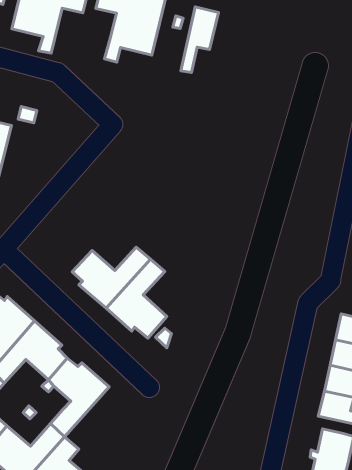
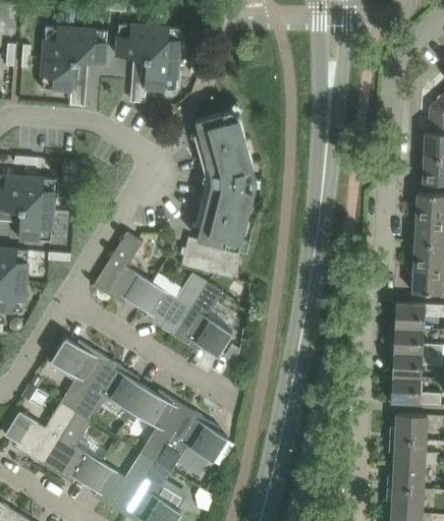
building: [181,7,218,72] -> none
building: none -> [181,111,254,281]
building: none -> [94,233,152,307]
building: none -> [156,409,227,472]

